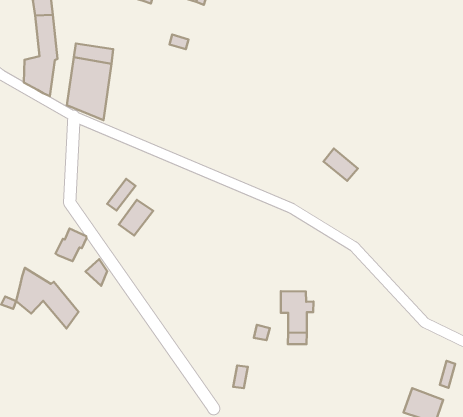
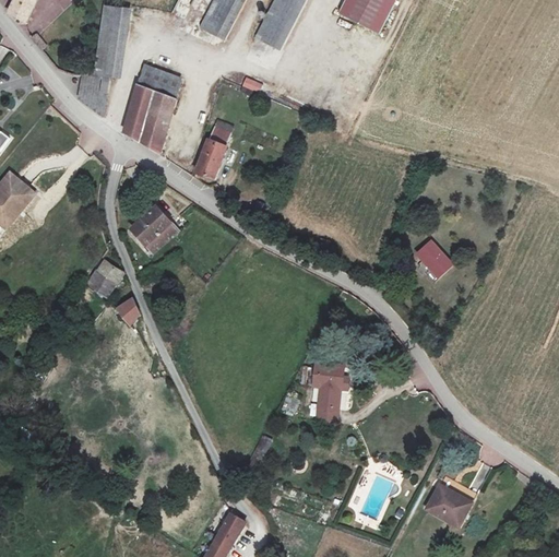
building: none -> [197,126,226,176]
building: [324,148,358,181] -> [418,244,453,280]
building: [119,200,153,236] -> [133,203,171,240]
building: [16,268,78,328] -> none

